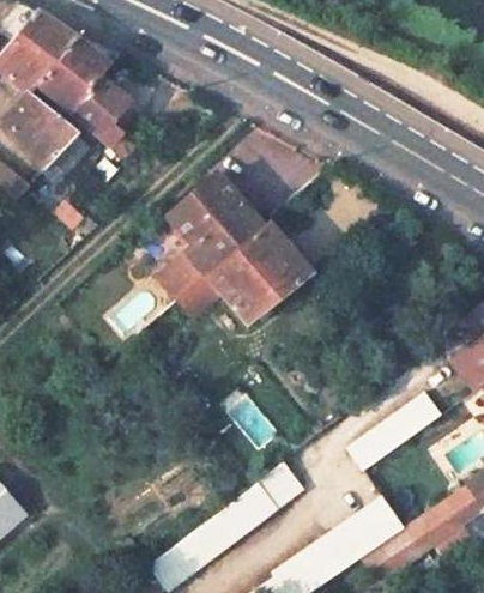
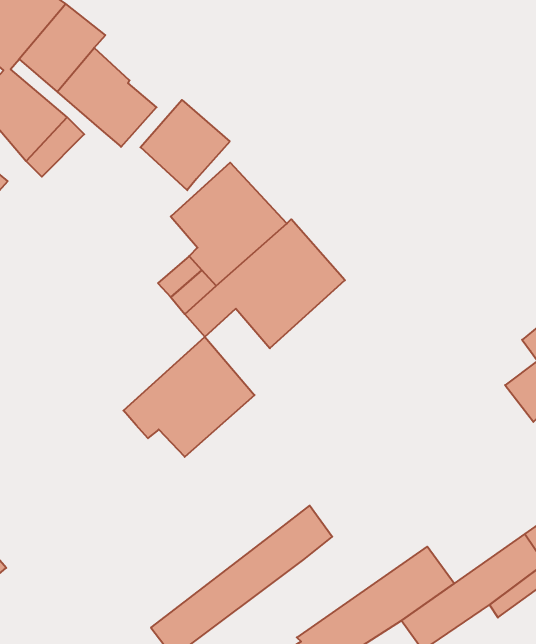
building: none -> [140,100,230,190]
building: none -> [123,337,255,457]
building: [346,391,440,470] -> none

